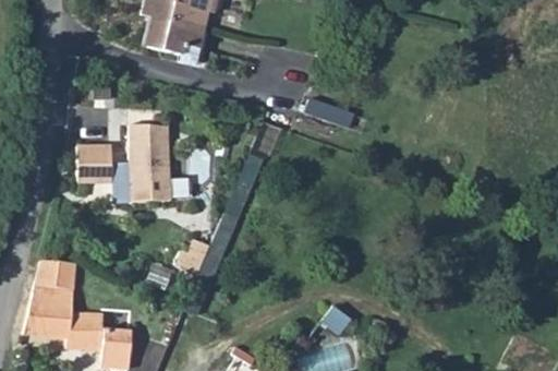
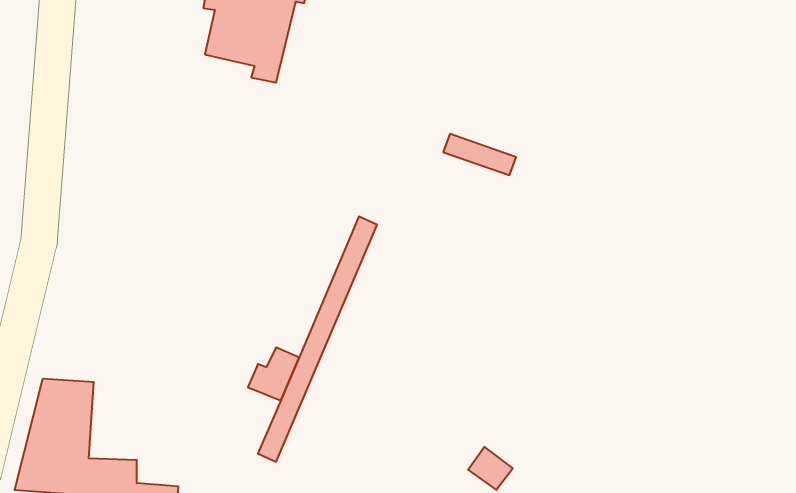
building: [77,123,171,202] -> none

